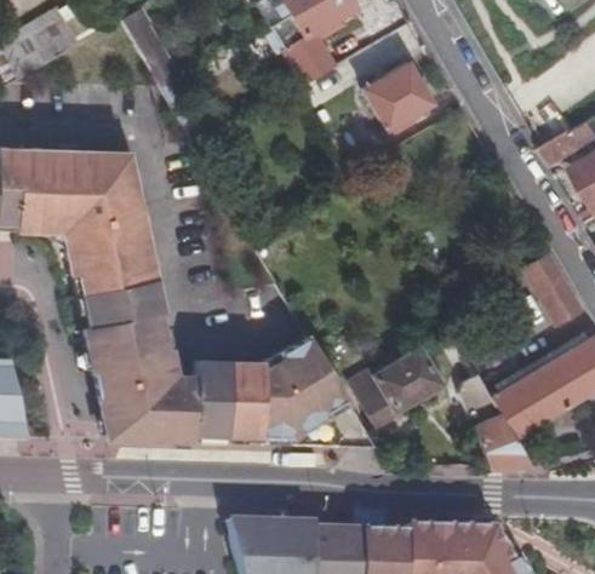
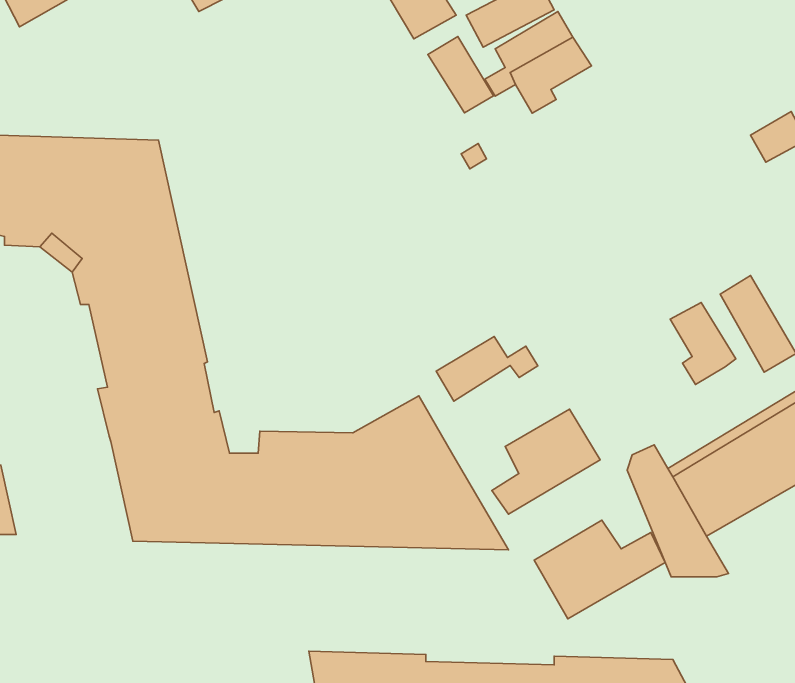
building: none -> [428,36,494,113]
building: none -> [670,302,736,384]
building: none -> [436,337,538,401]
building: none -> [534,520,665,619]

